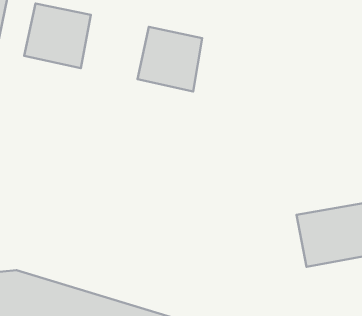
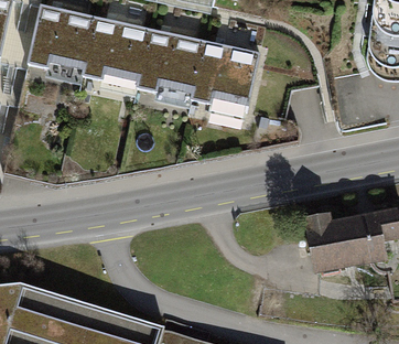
building: none -> [84,29,151,93]
building: none -> [195,52,254,114]

